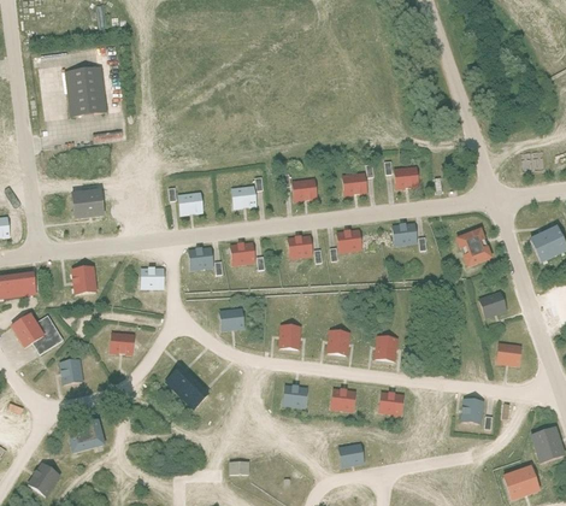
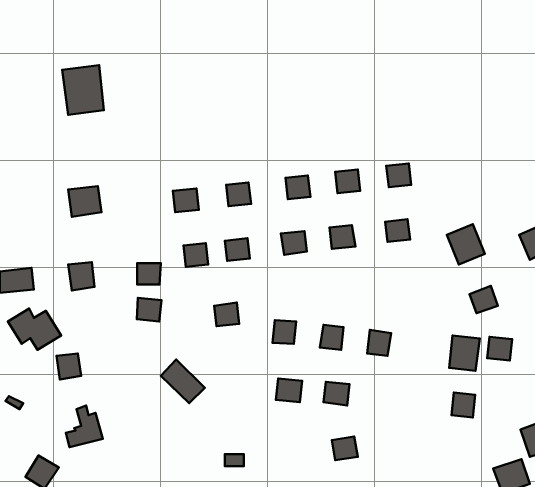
building: [110,331,135,355] -> [137,298,162,322]
building: none -> [449,335,480,371]
building: [378,392,405,416] -> none

